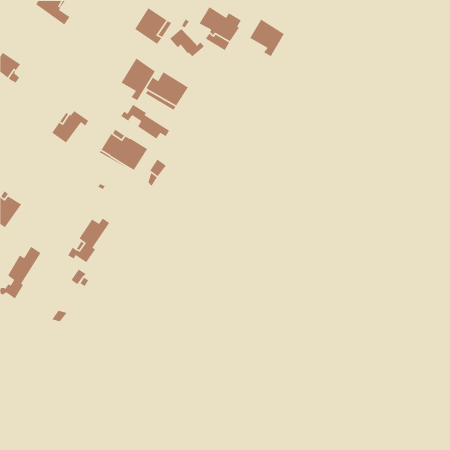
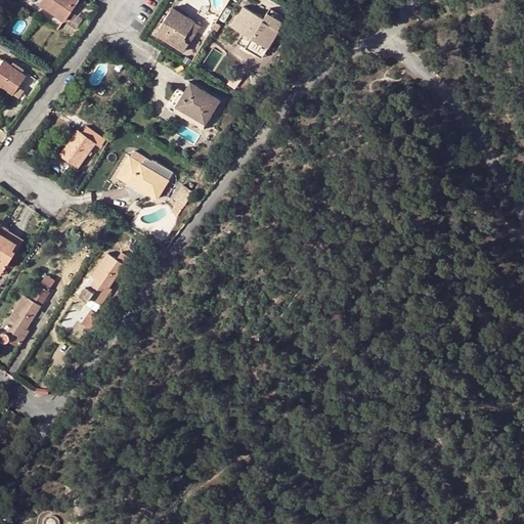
building: [249,19,285,57] -> none
building: [169,28,205,57] -> none
building: [120,58,156,101] -> none
building: [120,104,170,140] -> none

